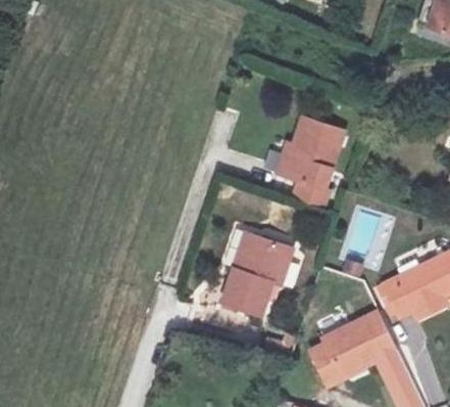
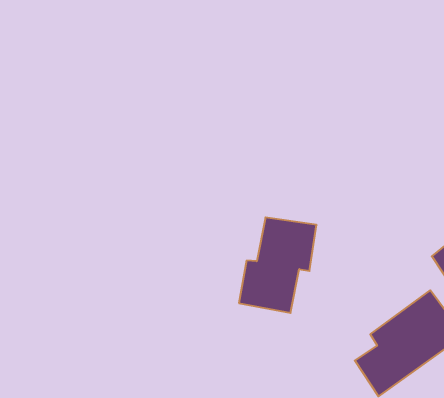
building: [282,114,351,210] -> none

